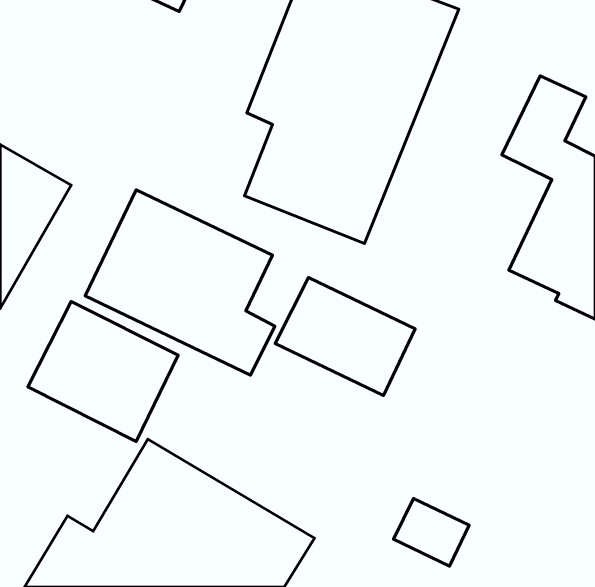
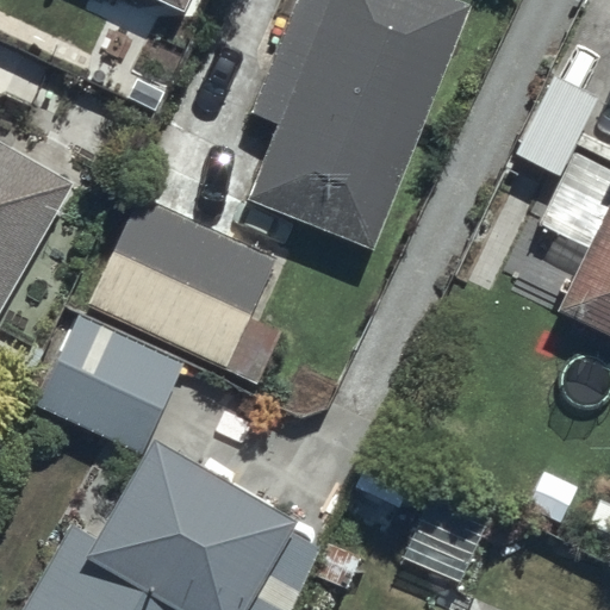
building: [275,277,415,396] -> none

